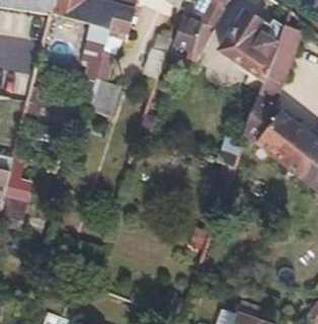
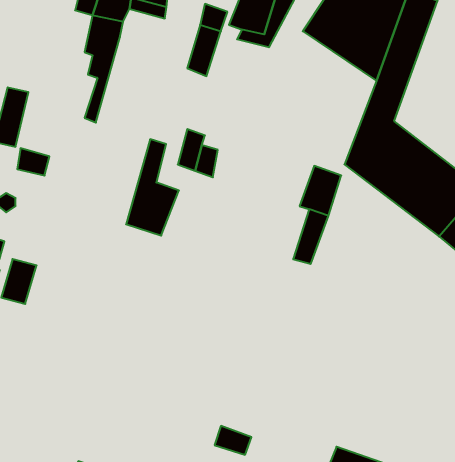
building: [87,53,121,113] -> [126,139,179,236]

